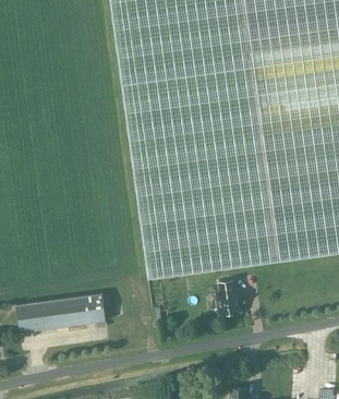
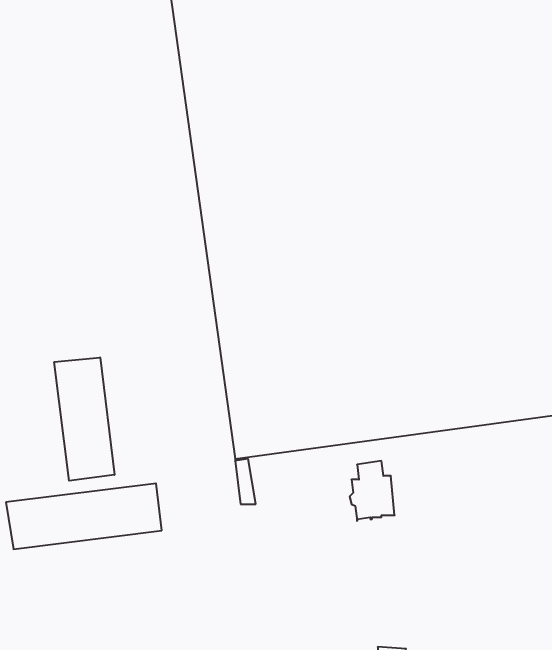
building: none -> [54,357,114,481]

